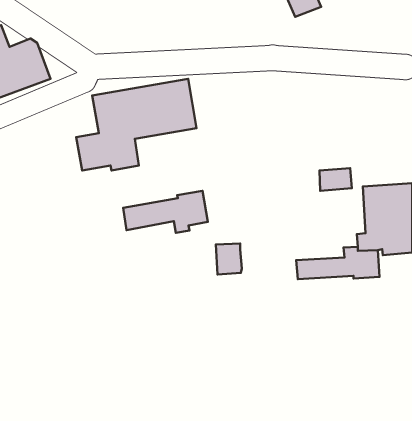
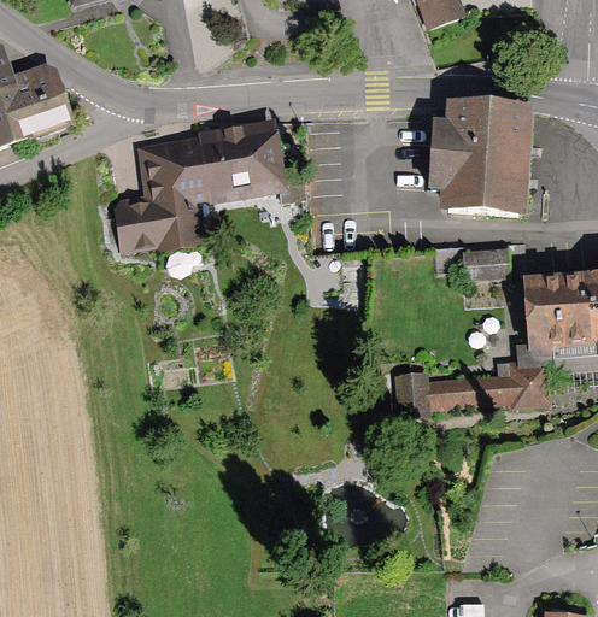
building: none -> [430,102,532,213]
building: [123,191,208,233] -> none
building: [216,244,242,275] -> [394,371,432,416]

